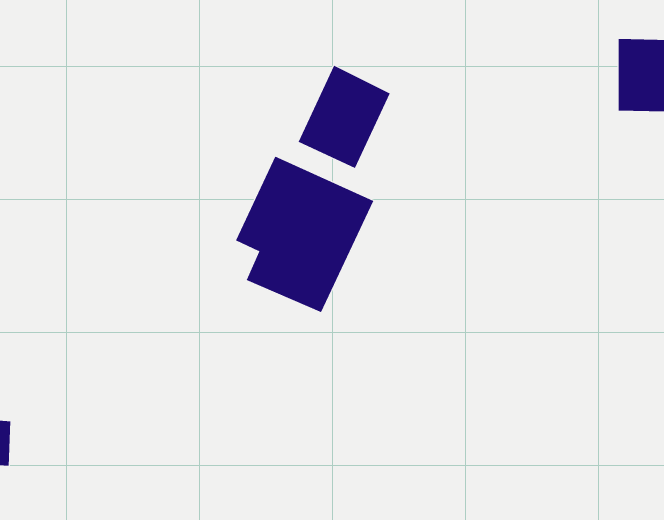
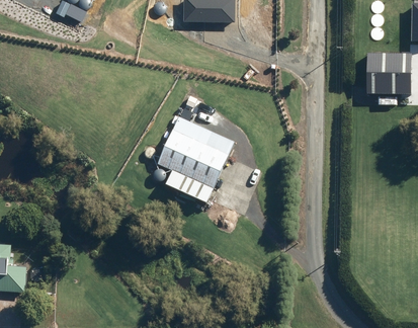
building: [298,65,391,169] -> none

